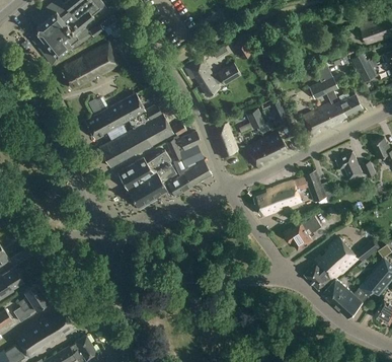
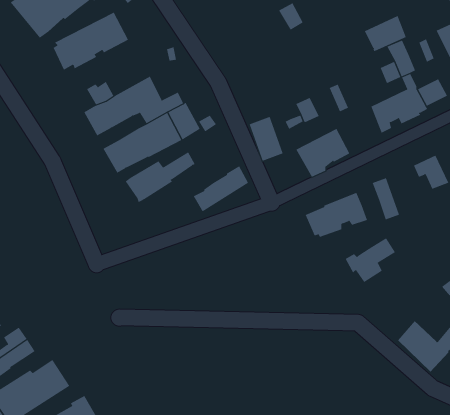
building: none -> [364,15,407,52]
building: [185,58,240,95] -> none
building: [166,131,203,167] -> none
building: [127,160,176,208] -> none
building: [305,237,359,289] -> none

